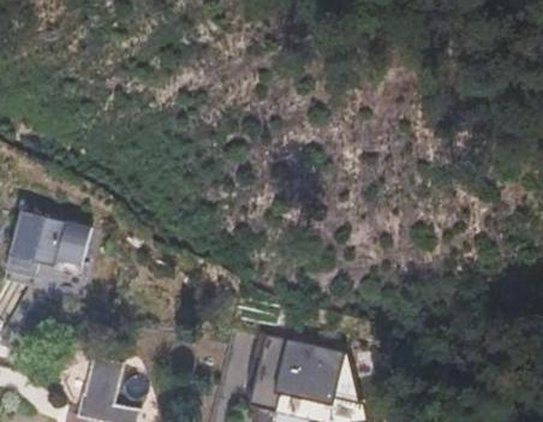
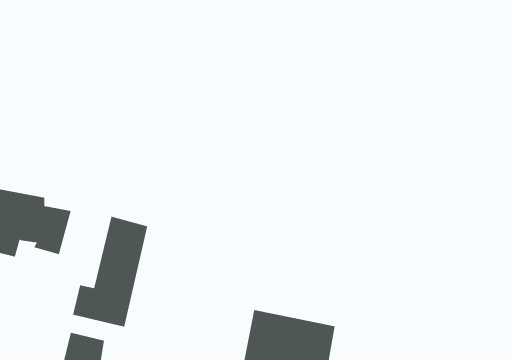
building: none -> [72,216,148,327]

